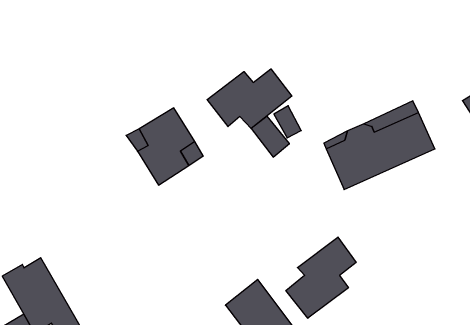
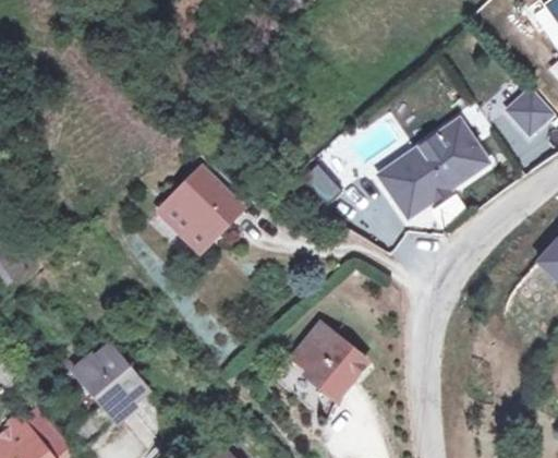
building: [207,69,292,129] -> none
building: [286,237,356,318] -> none

